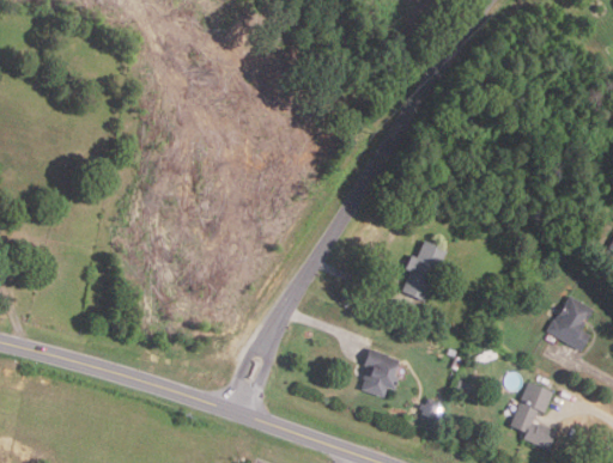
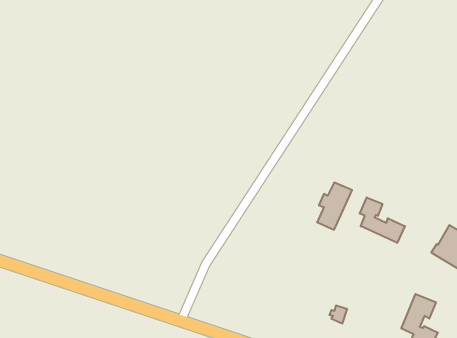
building: none -> [360,197,405,243]
building: [363,349,400,396] -> none

